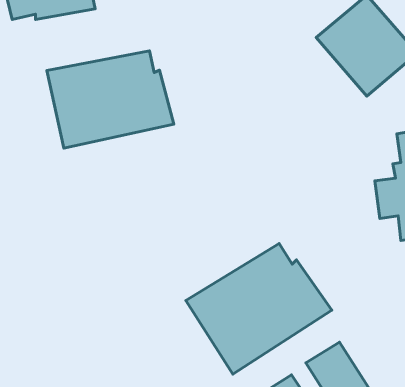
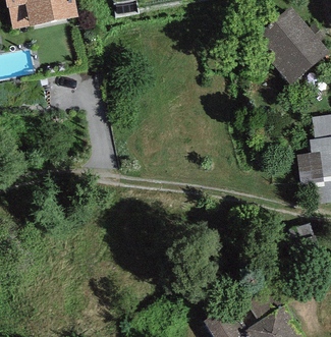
building: [47,51,174,148] -> none
building: [186,244,332,374] -> none

